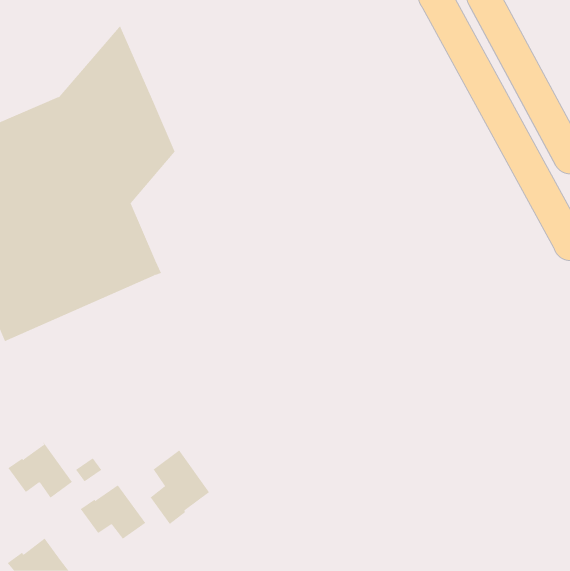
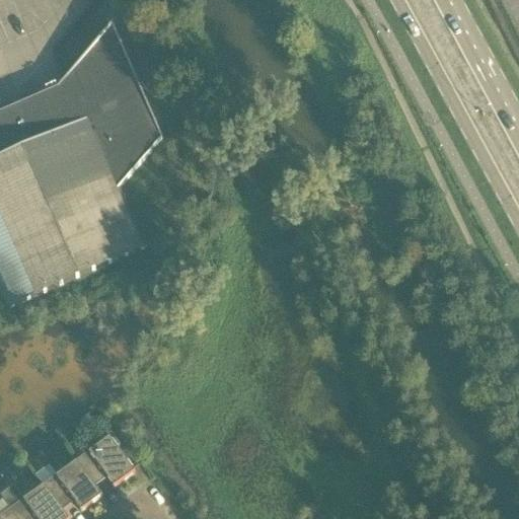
building: [8,441,73,499] -> [40,459,98,511]
building: [150,450,210,525] -> none

